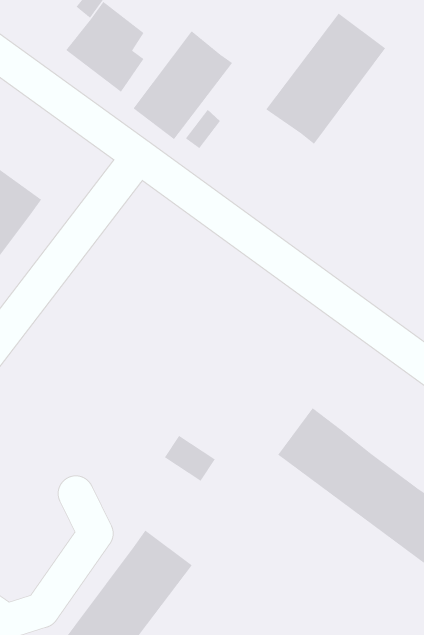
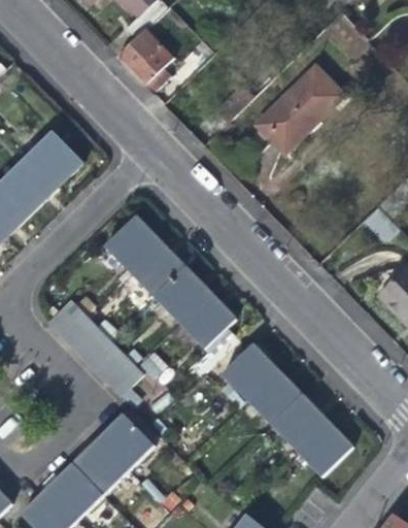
building: [133,30,233,140] -> none
building: none -> [102,213,233,349]
building: none -> [47,296,145,396]

